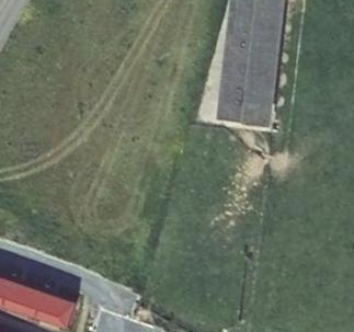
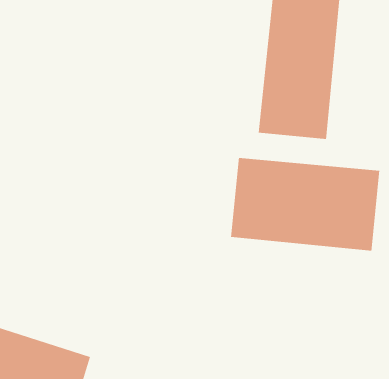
building: none -> [231,157,380,252]

